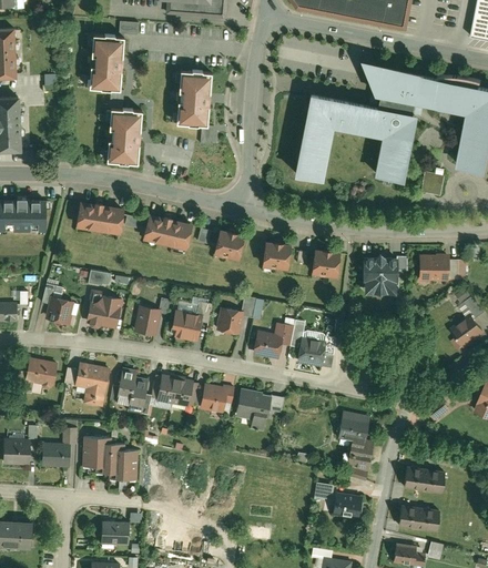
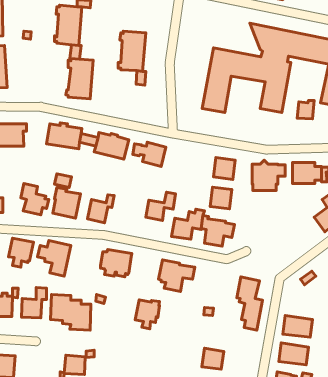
building: [258,239,288,268] -> [210,187,232,209]
building: [173,300,210,341] -> none
building: [111,366,152,415] -> none
building: [201,383,234,423] -> [135,300,159,329]
building: [329,490,359,519] -> [202,348,224,369]

